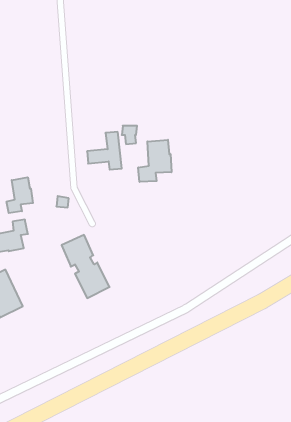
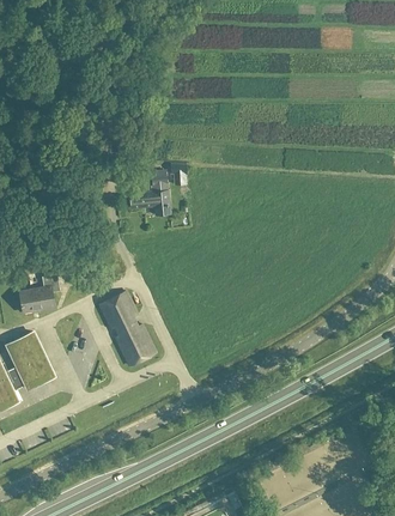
building: [138,140,171,182] -> none
building: [7,177,33,213] -> none

